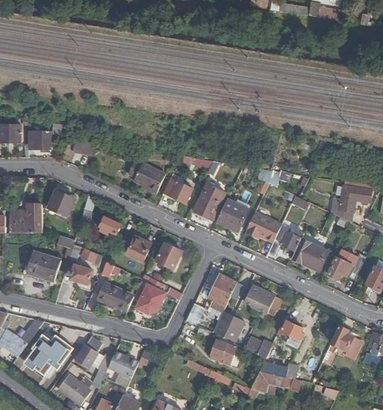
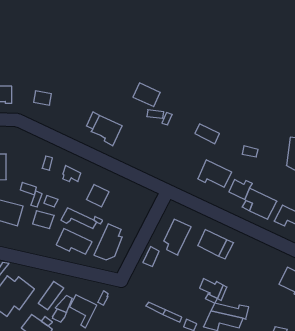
building: [162,178,191,203] -> [133,83,160,107]
building: [192,185,223,220] -> none
building: [48,190,74,215] -> none
building: [216,199,247,231] -> none
building: [156,242,182,268] -> none
building: [215,310,246,340] -> none
building: [278,320,305,347] -> none
building: [211,339,237,364] -> none

